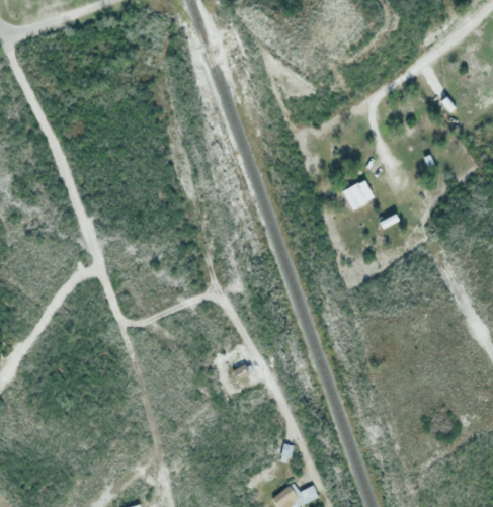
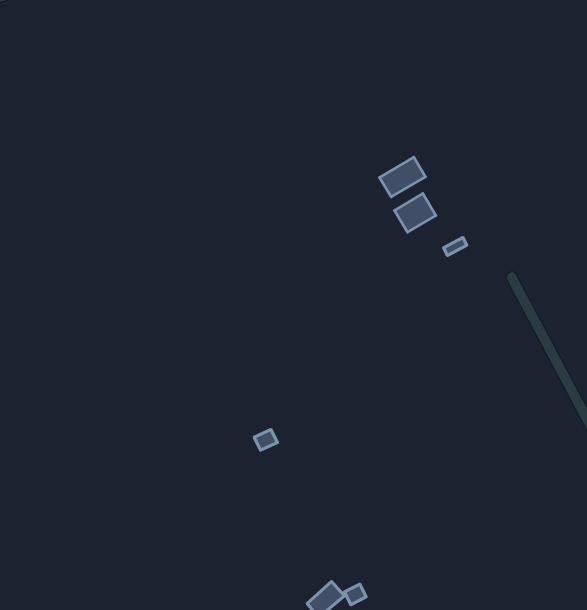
building: none -> [380,157,425,197]

